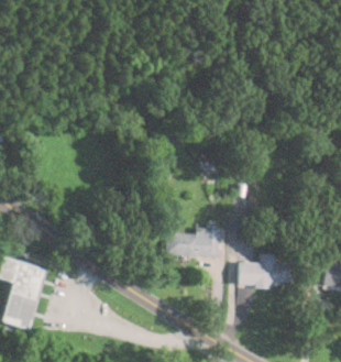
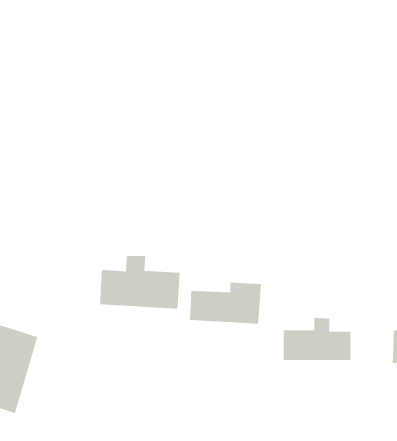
building: none -> [99,255,180,309]

